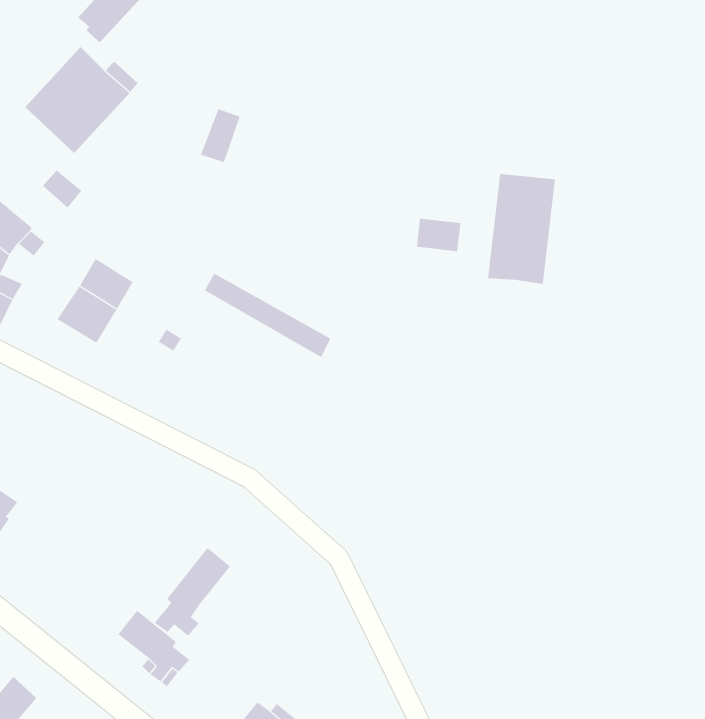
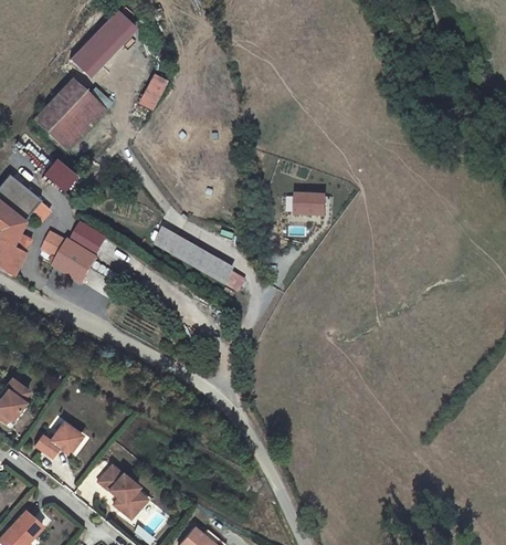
building: [200,108,240,163] -> [138,72,166,109]
building: [488,173,555,285] -> none
building: none -> [43,230,72,264]
building: [154,547,231,636] -> none
building: none -> [35,422,82,457]

